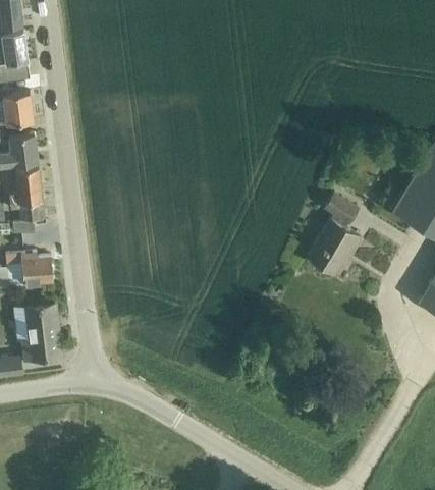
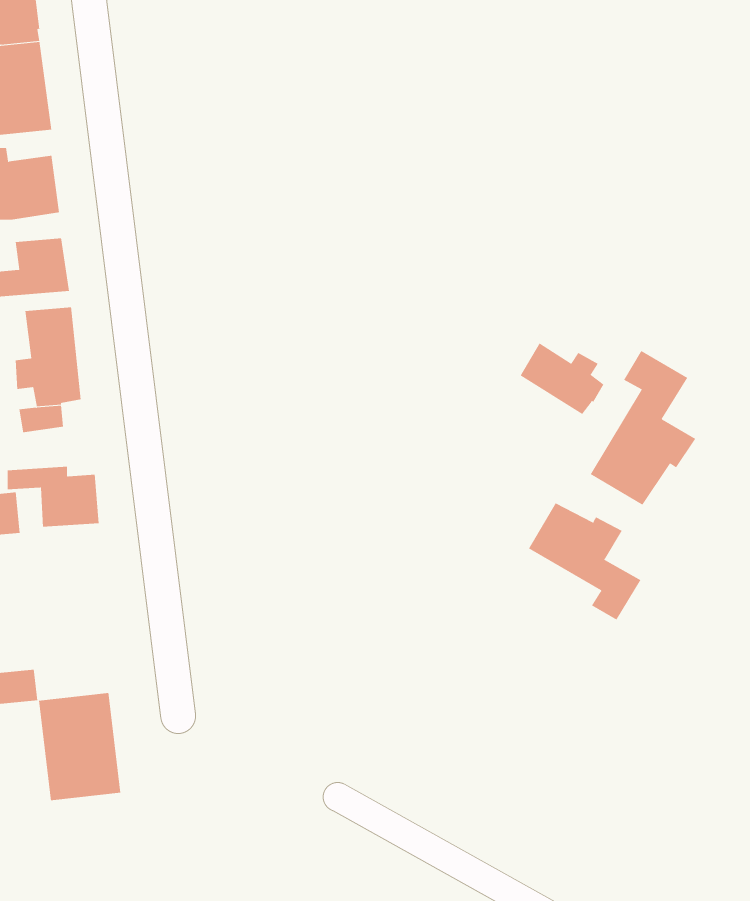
building: none -> [520,342,604,415]
building: none -> [528,503,641,621]
building: [17,306,60,362] -> [38,693,121,801]

